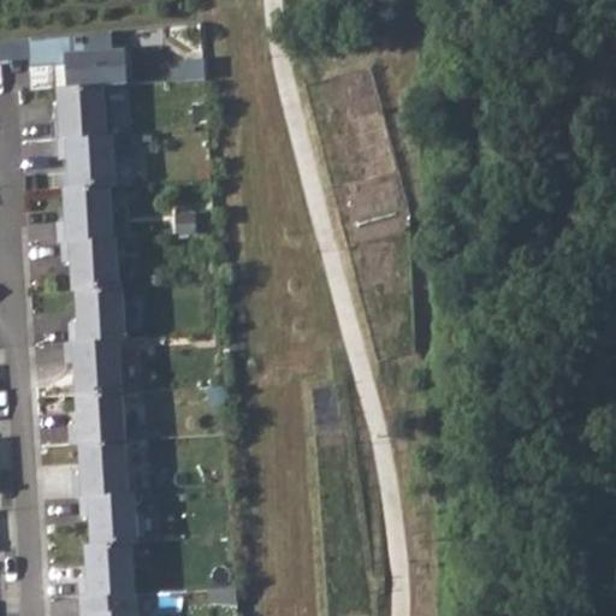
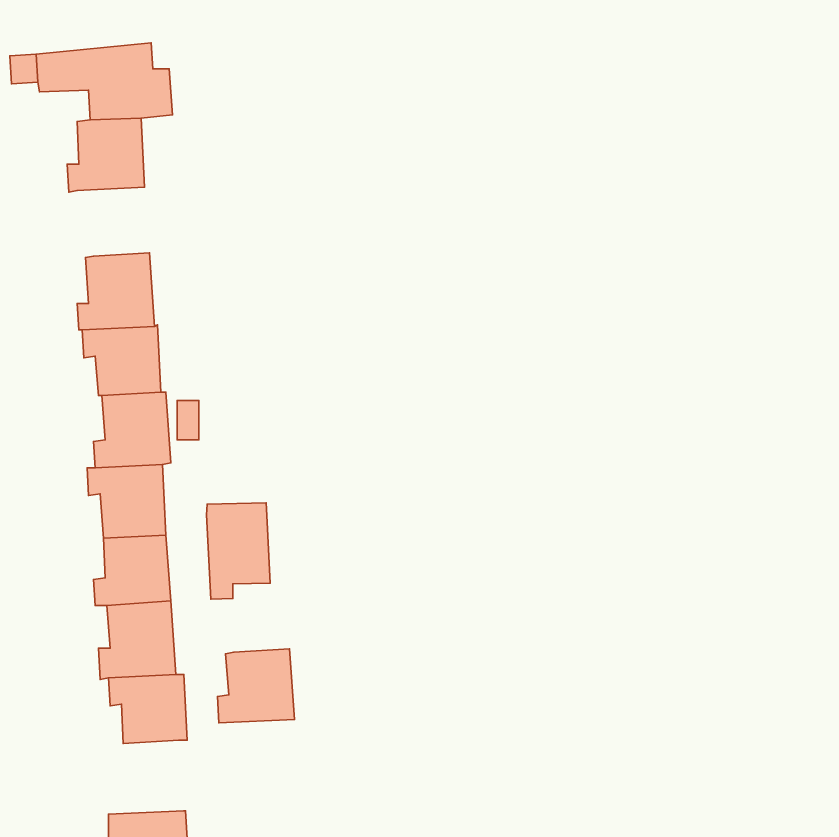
building: [57,138,116,189] -> none
building: none -> [207,503,270,599]
building: [78,544,135,598] -> [217,649,295,723]

